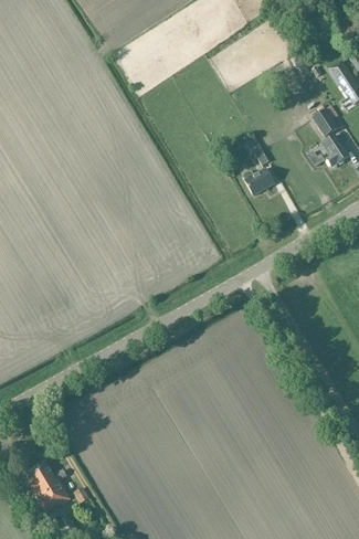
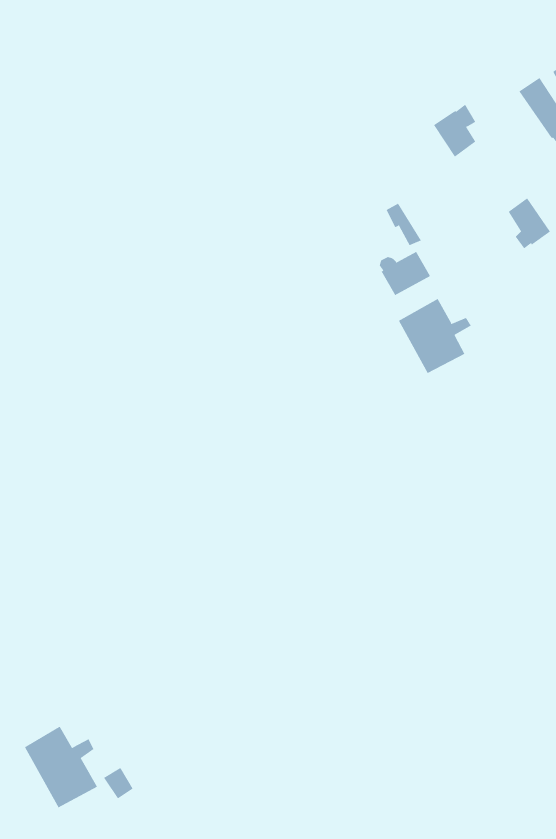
building: [313,105,339,138] -> [433,104,476,158]
building: none -> [398,298,472,374]

